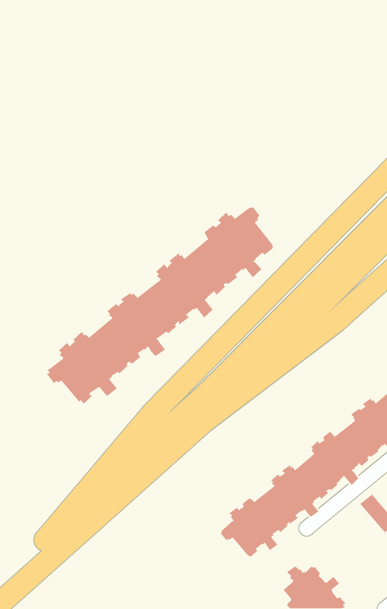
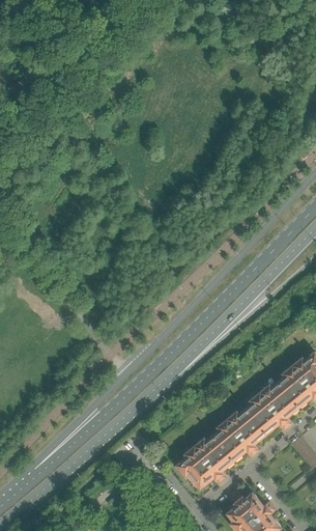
building: [45,206,274,405] -> none

